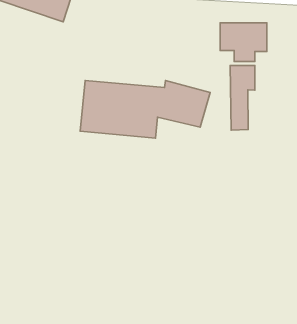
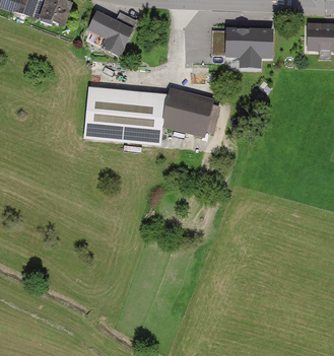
building: none -> [89,12,136,55]
building: [230,65,255,130] -> none

